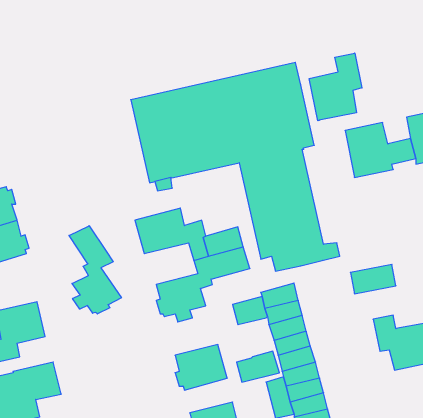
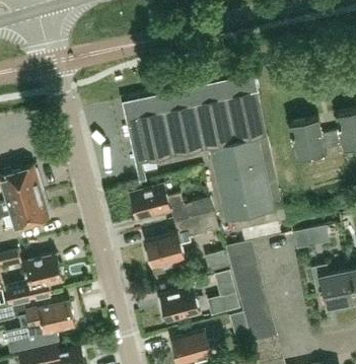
building: [309,53,362,121] -> none
building: [69,226,121,314] -> none

